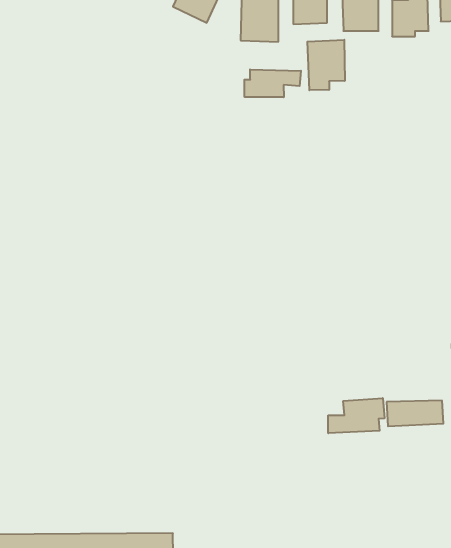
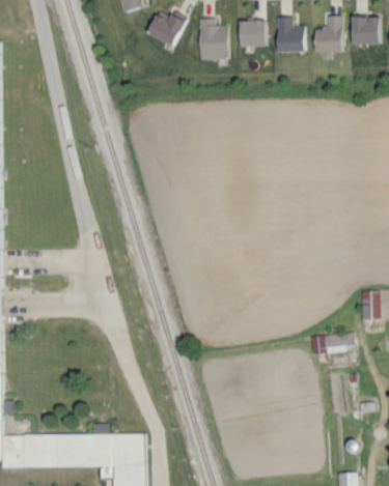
building: [307,40,345,90] -> none
building: [244,69,301,97] -> none
building: [328,398,384,433] -> none

